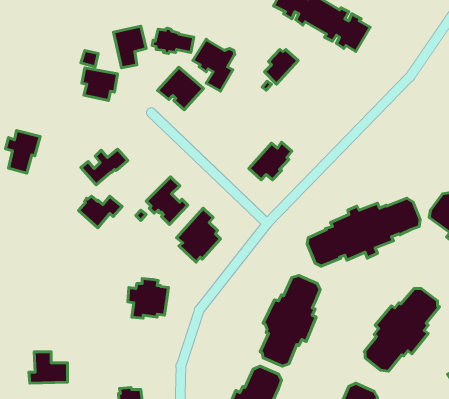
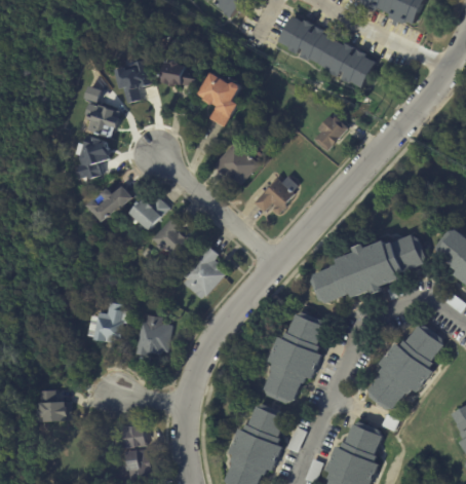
building: [264,49,298,84] -> [313,117,347,152]
building: [158,67,203,110] -> [210,144,257,187]
building: [5,131,40,173] -> [75,135,110,178]
building: [78,196,122,228] -> [124,197,168,229]
building: none -> [90,302,122,343]

